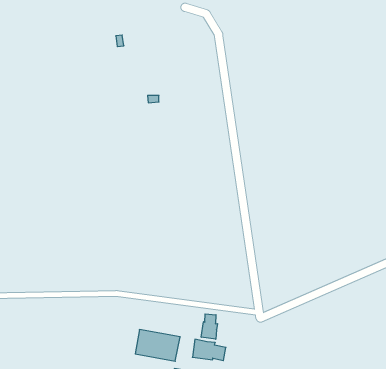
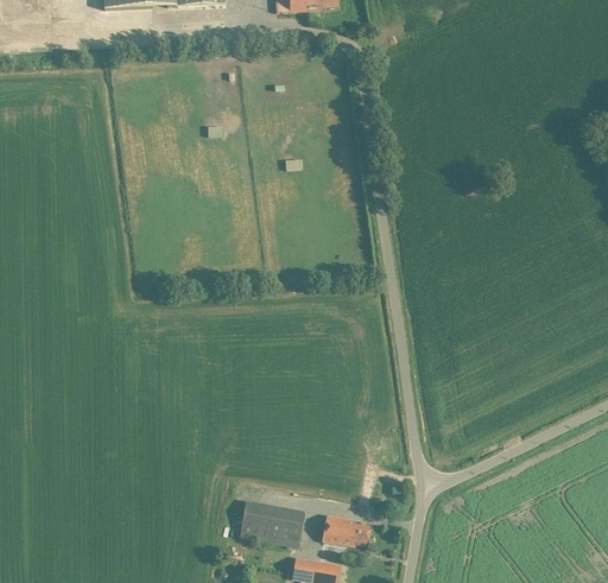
building: [201,314,217,339] -> none

